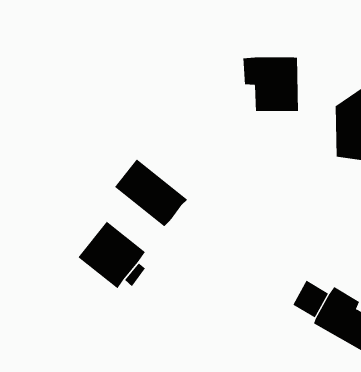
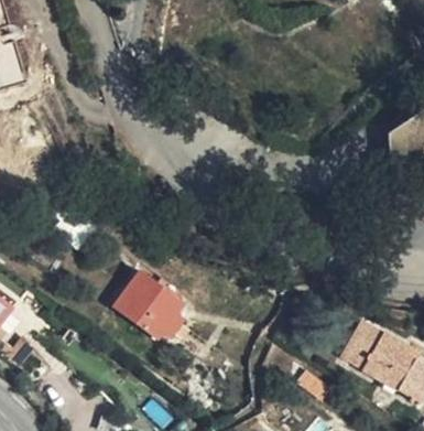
building: [243,57,299,112] -> none
building: [114,158,188,227] -> none

